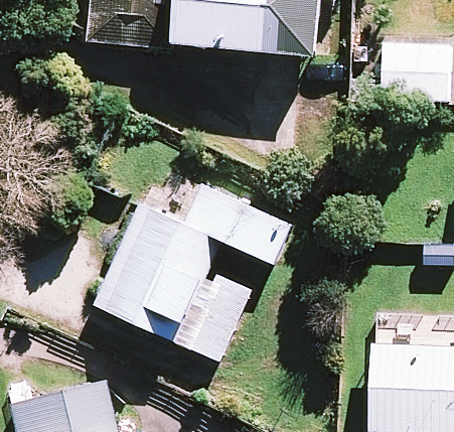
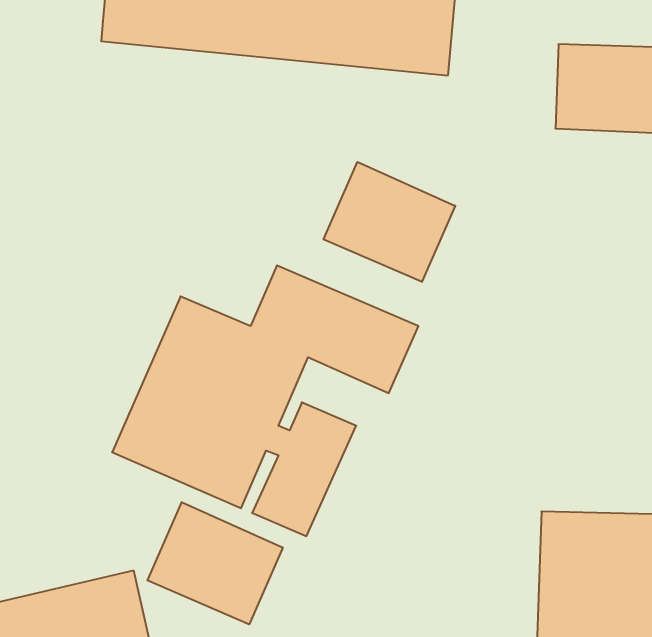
building: none -> [324,162,455,282]
building: none -> [147,502,283,624]

